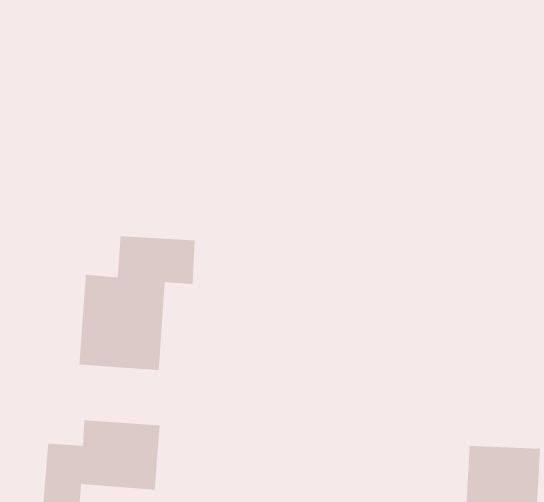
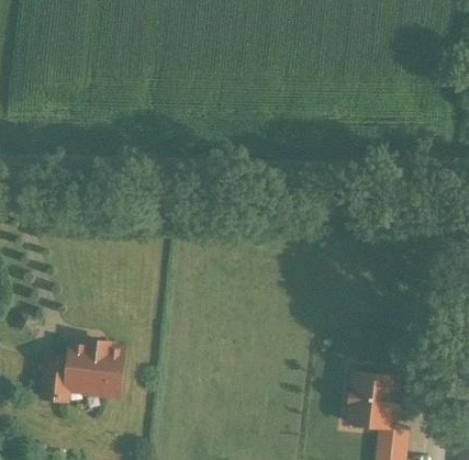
building: [79,236,195,371] -> none

